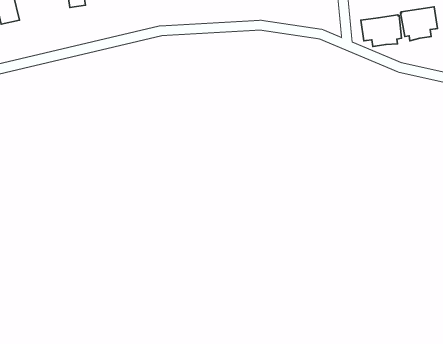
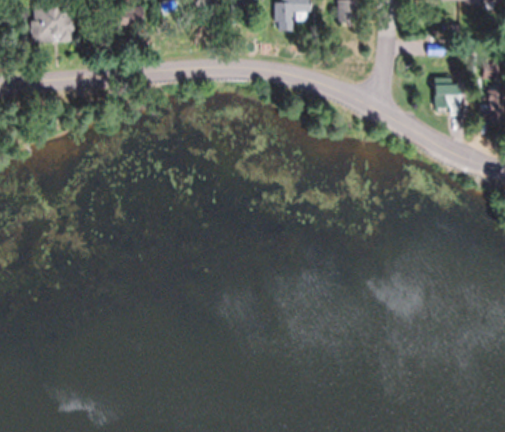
building: [361,15,401,47] -> none

